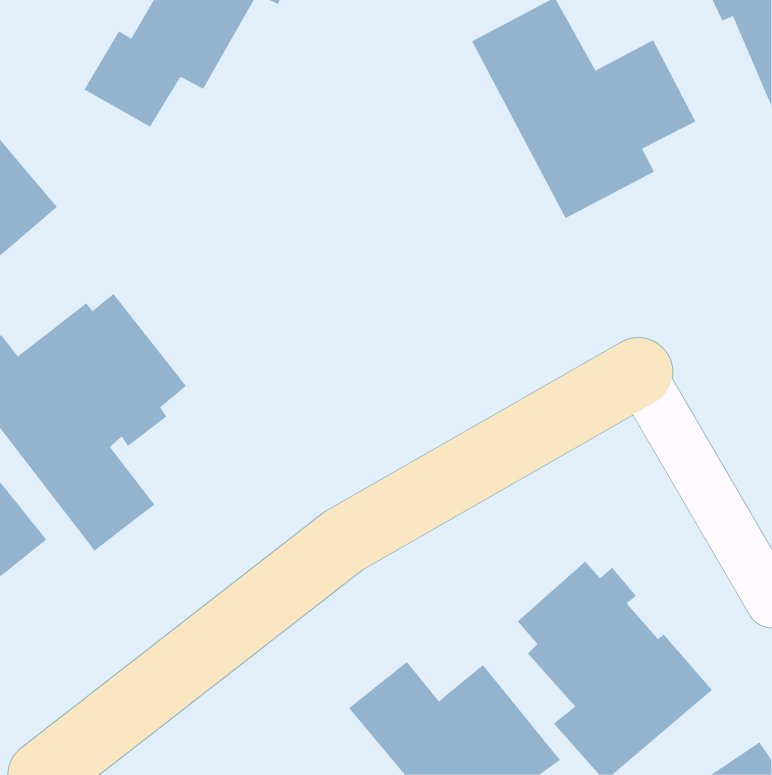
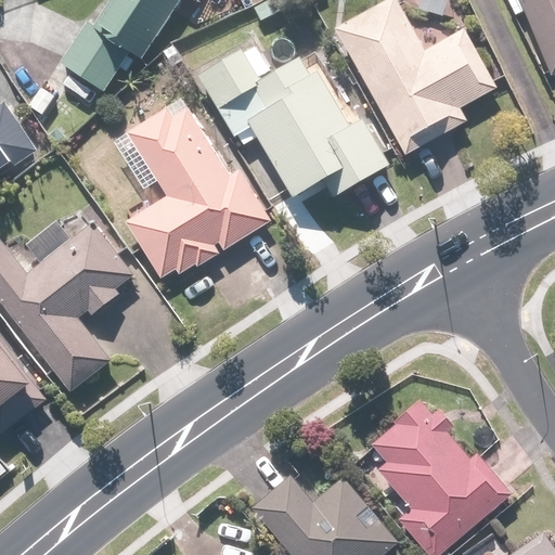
building: none -> [196,47,391,201]
building: none -> [126,107,272,280]

